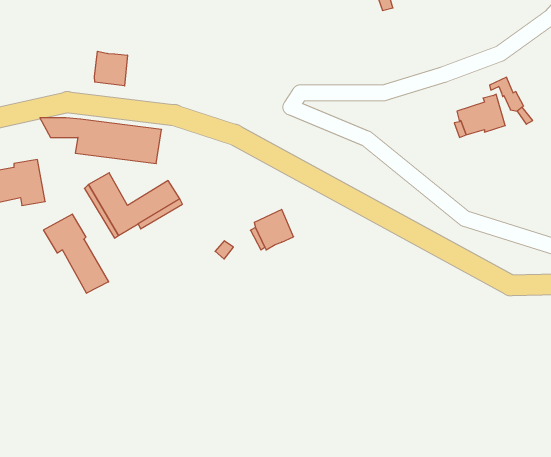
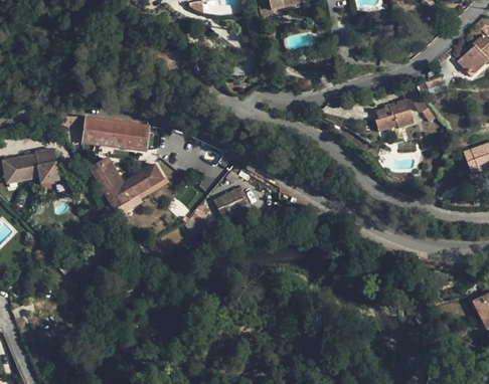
building: [94,51,127,86] -> none
building: [44,214,109,293] -> none

